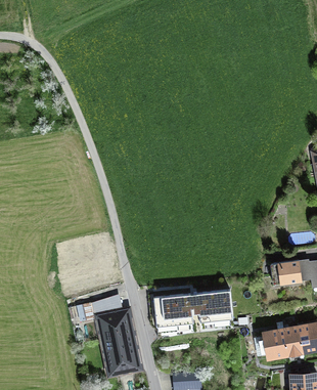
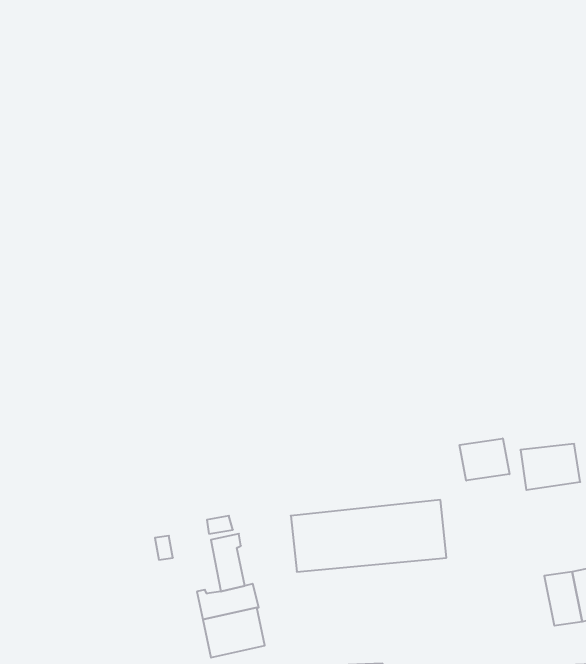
building: none -> [460,438,509,481]
building: [94,300,117,337] -> none
building: [263,328,287,357] -> none

